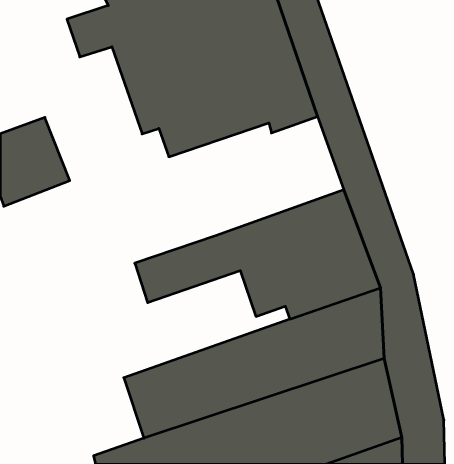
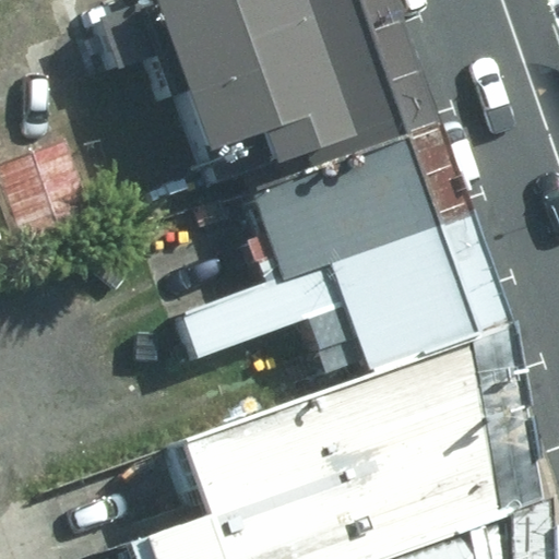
building: none -> [243,139,427,281]

